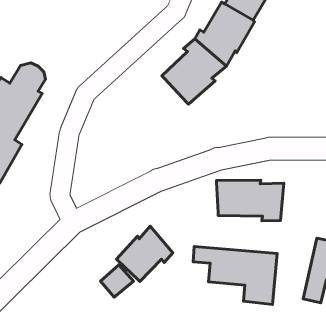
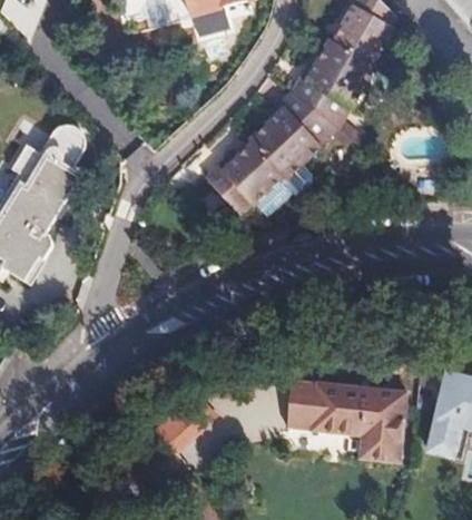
building: none -> [198,147,277,217]
building: [217,180,284,221] -> none
building: [116,226,173,282] -> none

